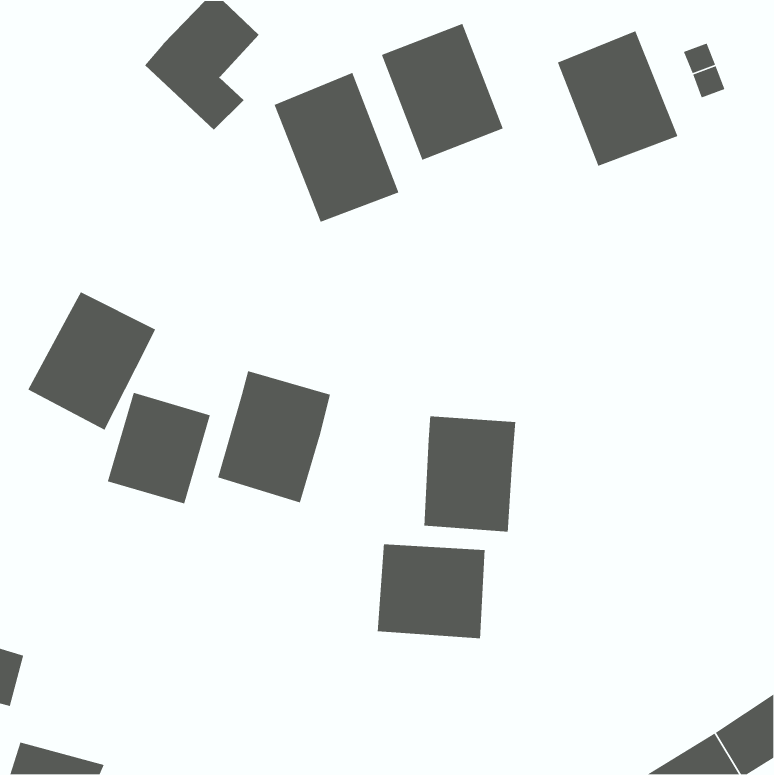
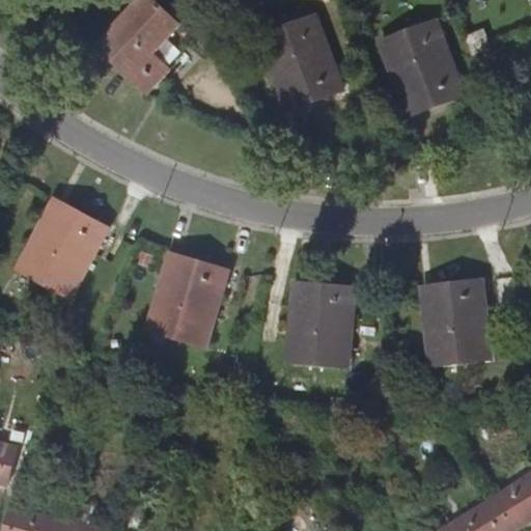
building: [273,72,399,223] -> none
building: [107,392,211,505] -> none
building: none -> [420,279,490,364]
building: [377,543,486,639] -> none

